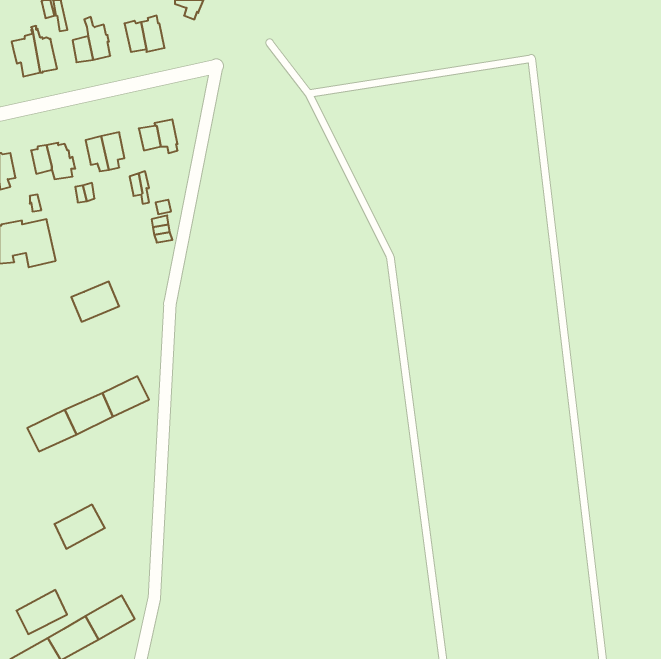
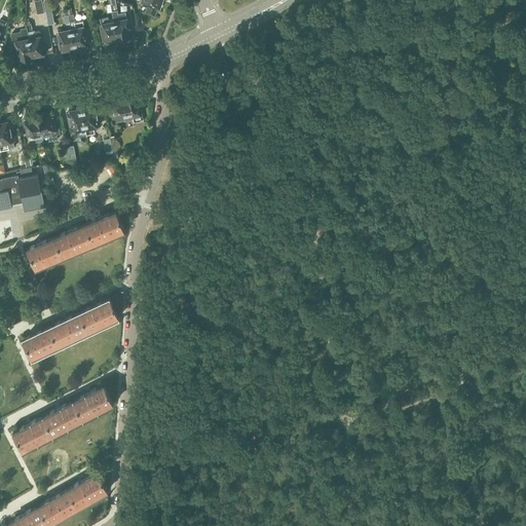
building: none -> [86,214,123,246]
building: none -> [27,238,65,271]
building: none -> [73,387,113,421]
building: [16,590,67,634] -> [12,418,52,453]

